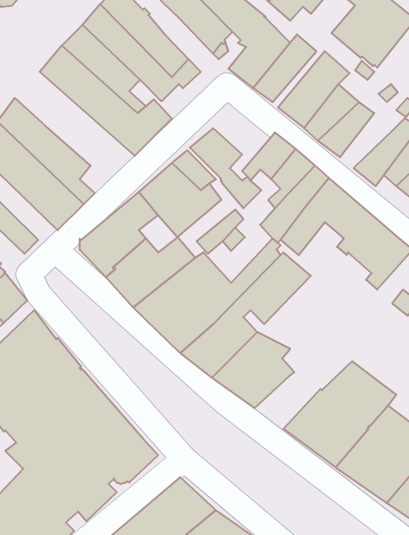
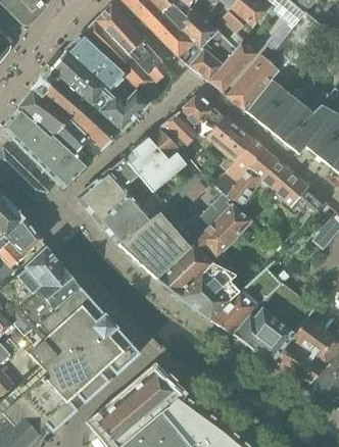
building: none -> [32,68,120,150]
building: none -> [178,92,225,136]
building: none -> [273,100,312,141]
building: none -> [209,267,289,334]

